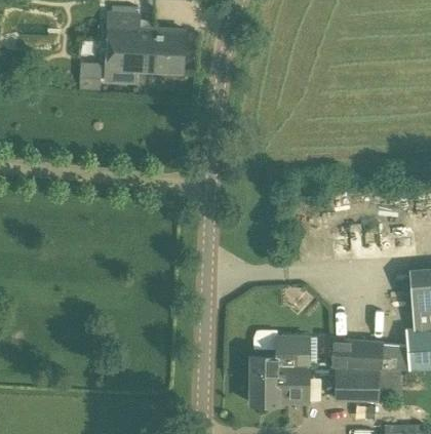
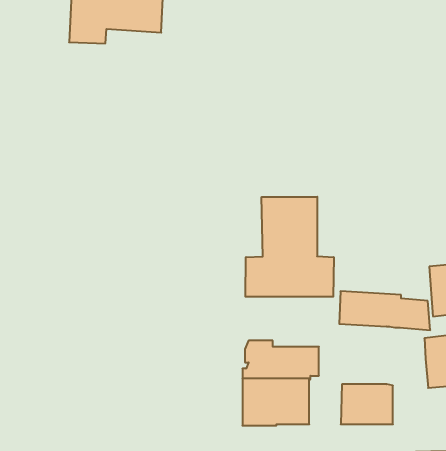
building: [78,61,102,89] -> none
building: none -> [245,197,334,297]
building: [330,340,407,372] -> [339,291,430,330]

